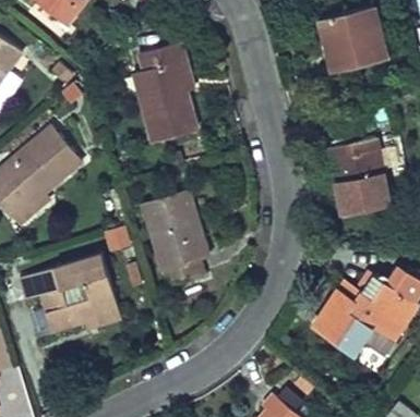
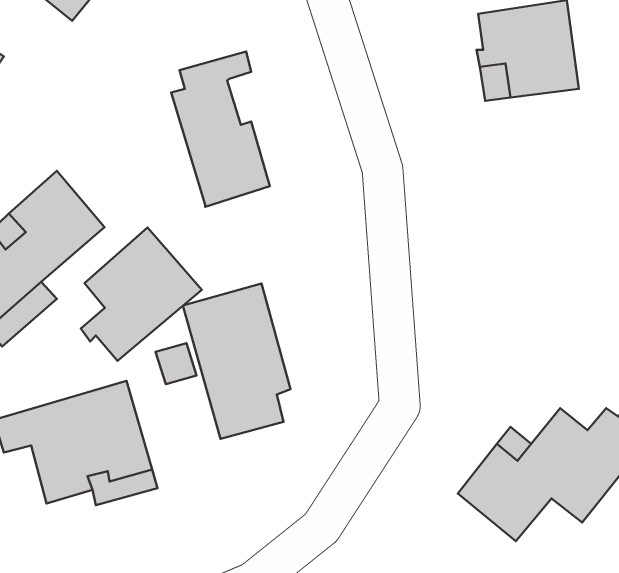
building: [321,143,388,218] -> none
building: none -> [81,228,202,361]

